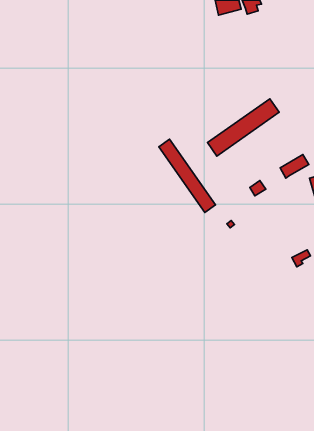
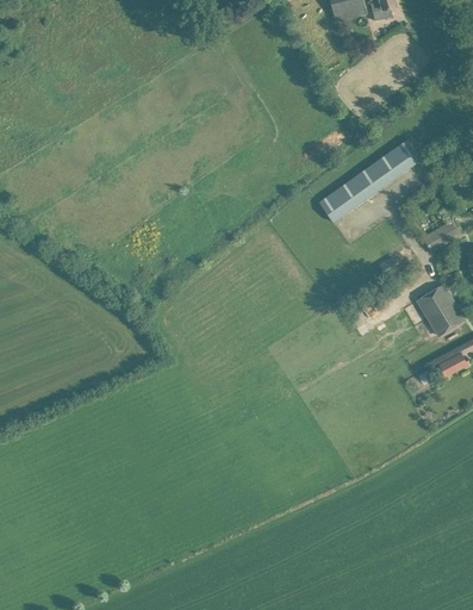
building: [159,139,216,213] -> none
building: none -> [417,284,465,337]

